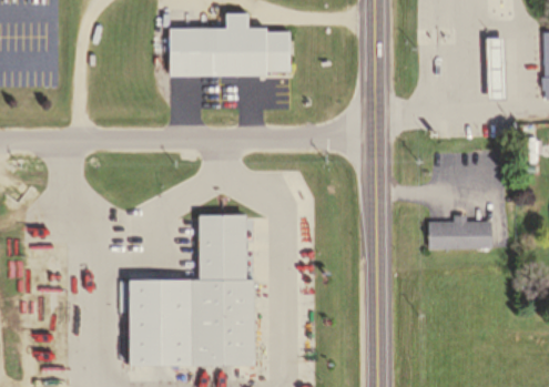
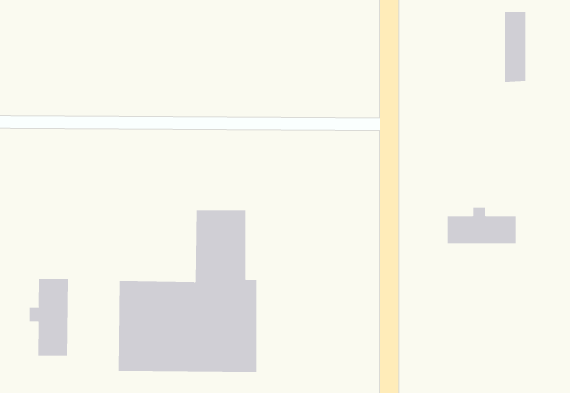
building: [160,32,288,72] -> none
building: none -> [29,278,68,357]

